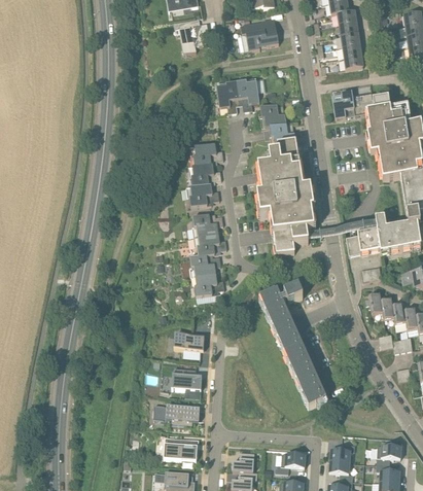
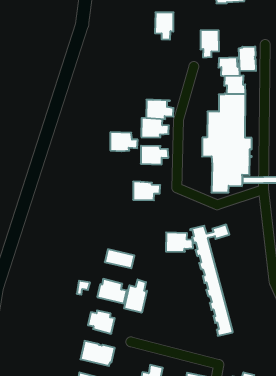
building: [217,81,240,112] -> [155,12,174,40]
building: none -> [239,46,256,71]
building: [196,143,224,165] -> none
building: [196,233,227,255] -> [110,132,138,151]
building: [193,273,225,296] -> [166,232,193,252]
building: none -> [124,279,147,313]

